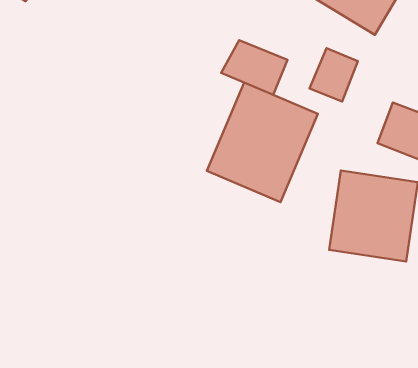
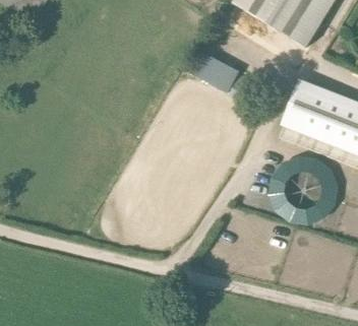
building: [310,48,358,102] -> [283,89,320,131]
building: [207,83,318,202] -> none

